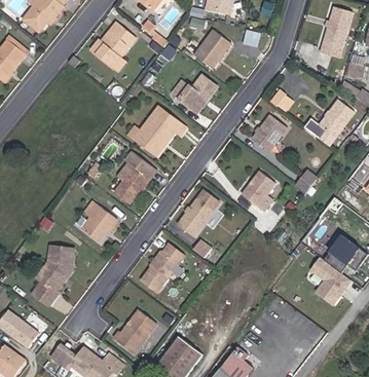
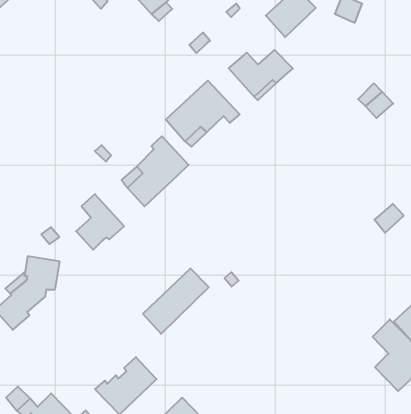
building: [251,114,286,152] -> none
building: [241,171,273,215] -> none
building: [177,189,219,236] -> none

